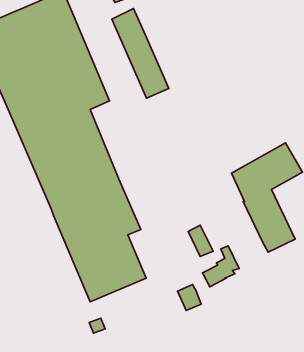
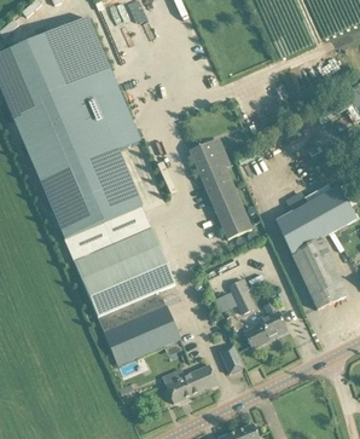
building: [112,8,169,98] -> [190,138,254,238]
building: none -> [164,365,217,403]

